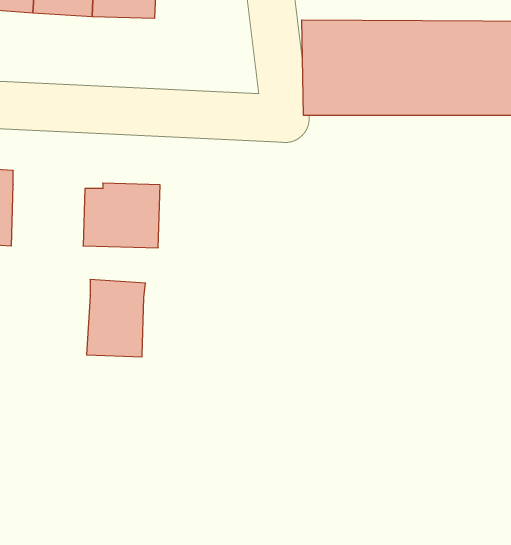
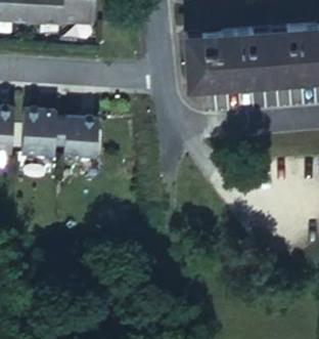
building: [87,280,146,357] -> [24,112,57,156]

